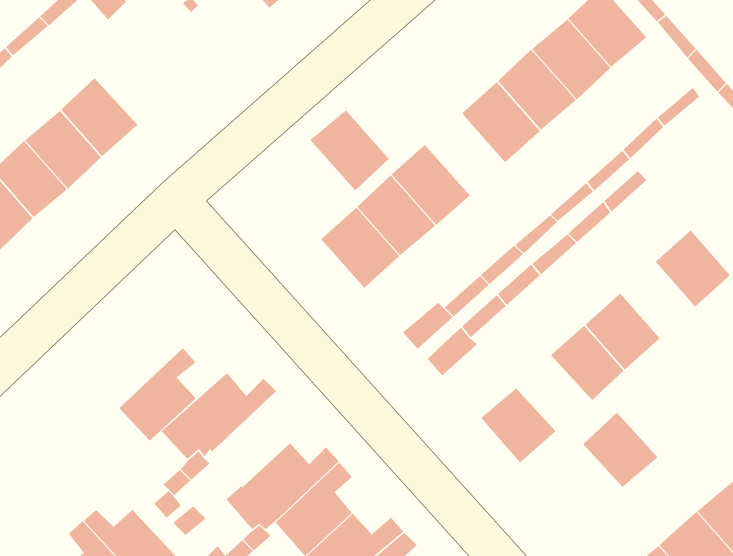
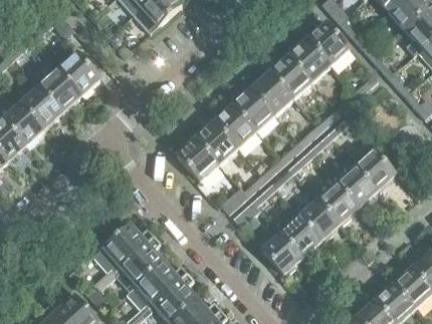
building: none -> [57,52,99,94]
building: [310,109,389,191] -> [232,88,274,131]
building: none -> [336,167,375,207]
building: [118,347,196,442] -> [120,235,161,285]
building: [583,412,659,488] -> [280,216,320,256]

